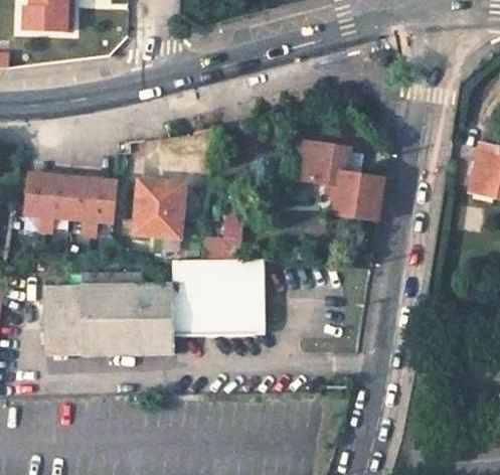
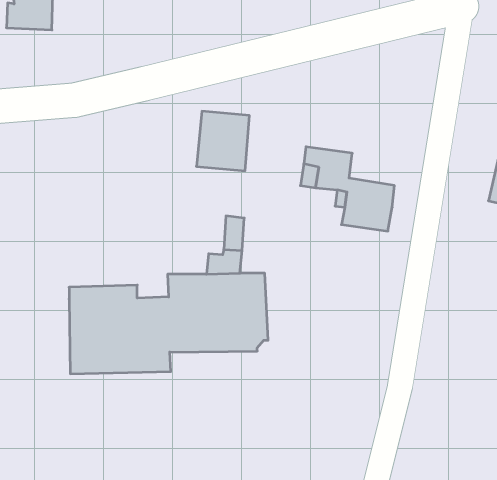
building: [26,175,117,236] -> none
building: [135,181,184,236] -> [196,111,249,171]
building: [43,284,81,354] -> none

